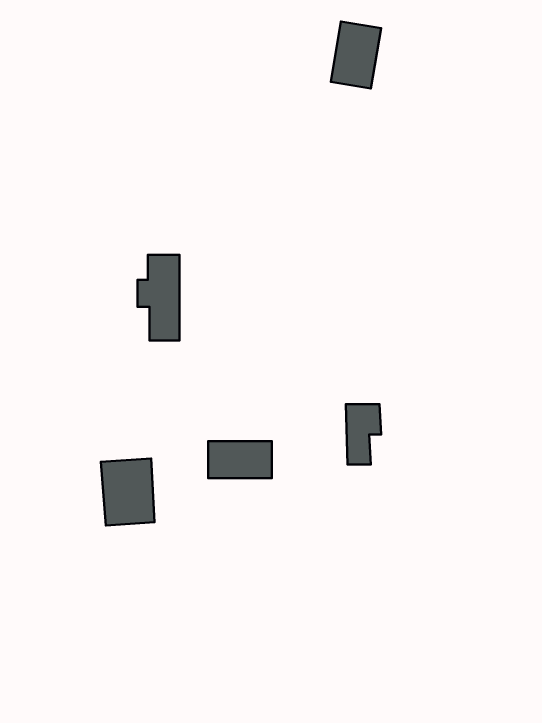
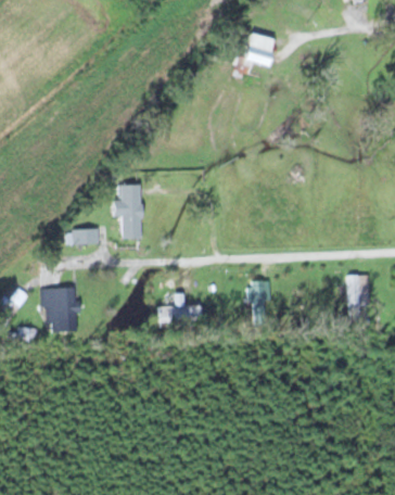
building: none -> [69,228,99,243]
building: none -> [347,274,369,320]
building: [101,458,155,526] -> [42,285,77,329]

